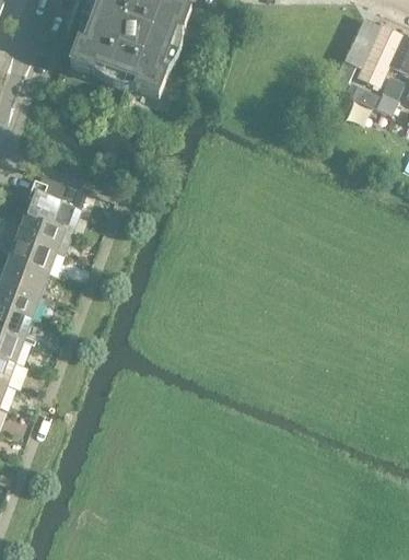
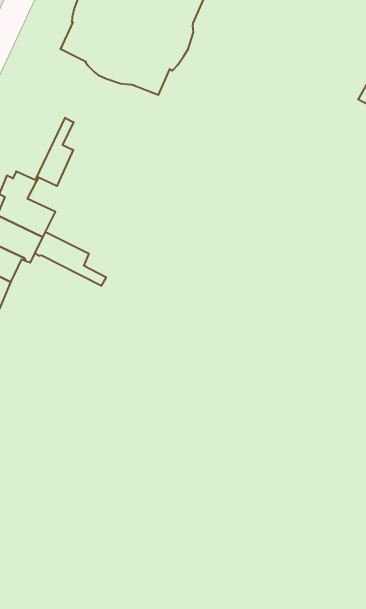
building: none -> [36,118,74,186]
building: none -> [35,232,106,286]

